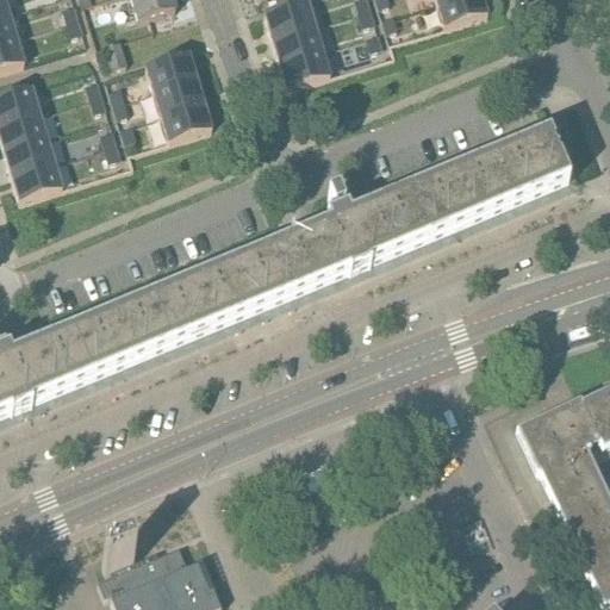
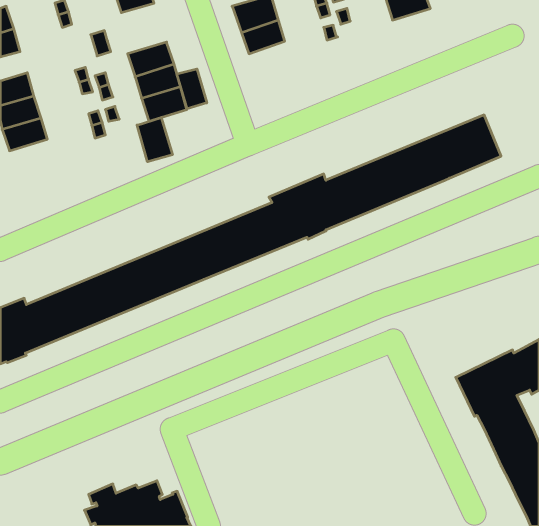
building: [281,46,329,85] -> none
building: none -> [177,69,207,109]
building: none -> [137,117,172,162]
building: [11,157,61,197] -> none

